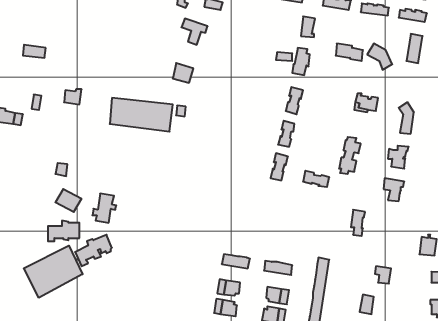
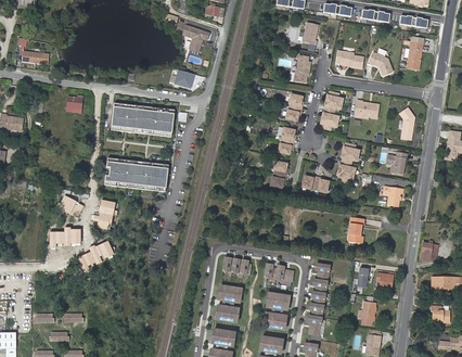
building: none -> [322,90,344,129]
building: none -> [104,157,167,191]
building: [24,246,83,298] -> none

